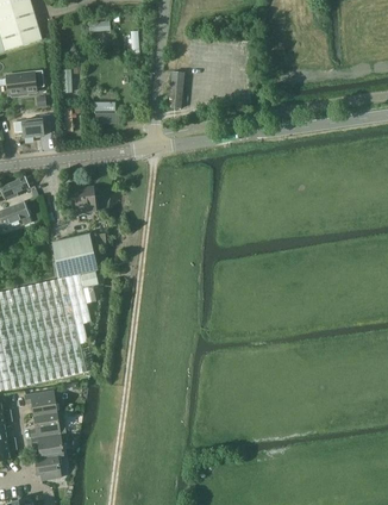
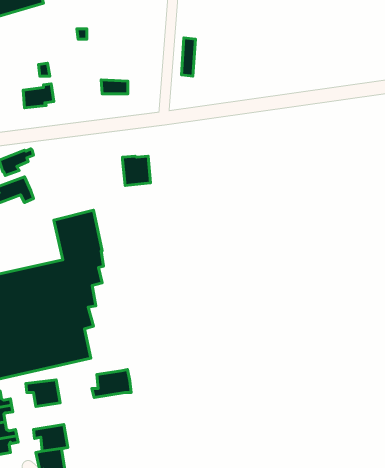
building: [6,70,44,96] -> none
building: [69,186,95,213] -> [123,156,151,185]
building: [30,411,67,437] -> [92,369,131,398]

